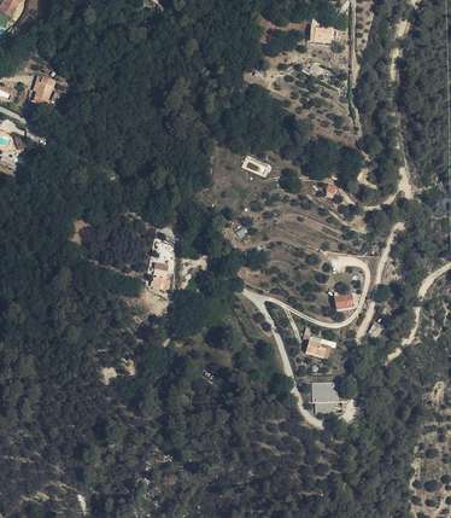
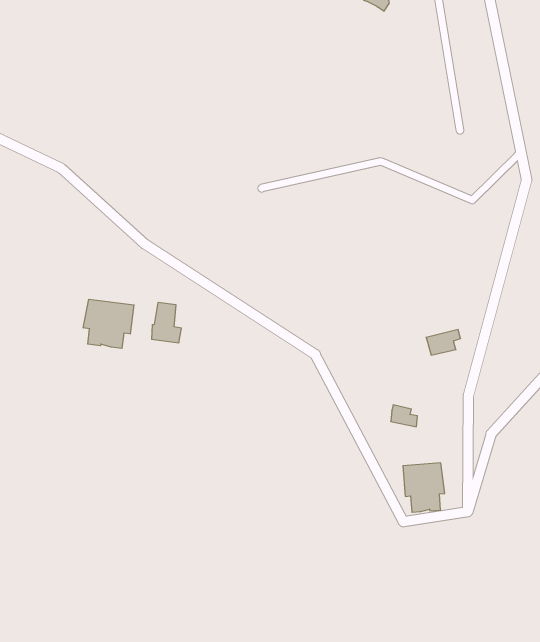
building: none -> [83,299,134,348]

